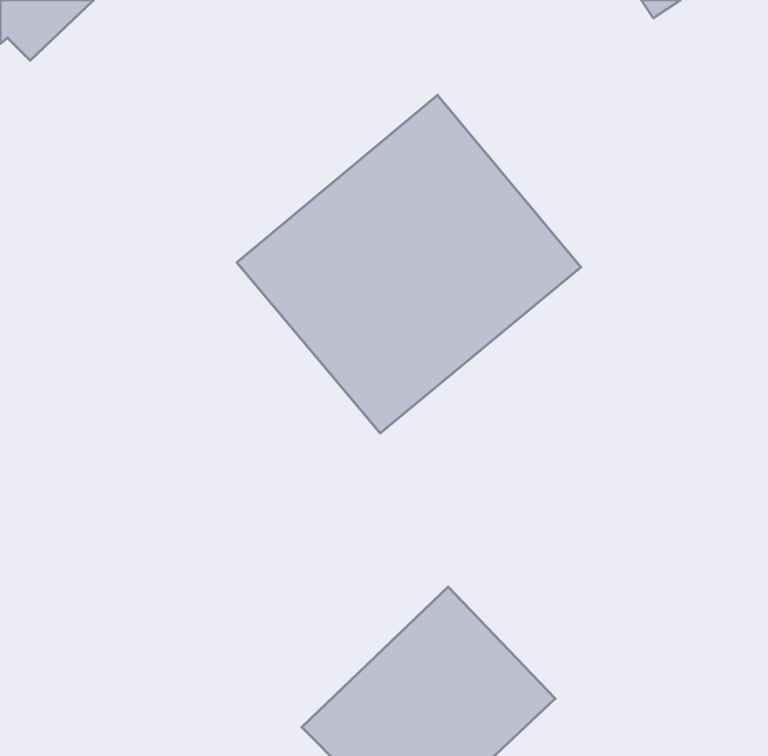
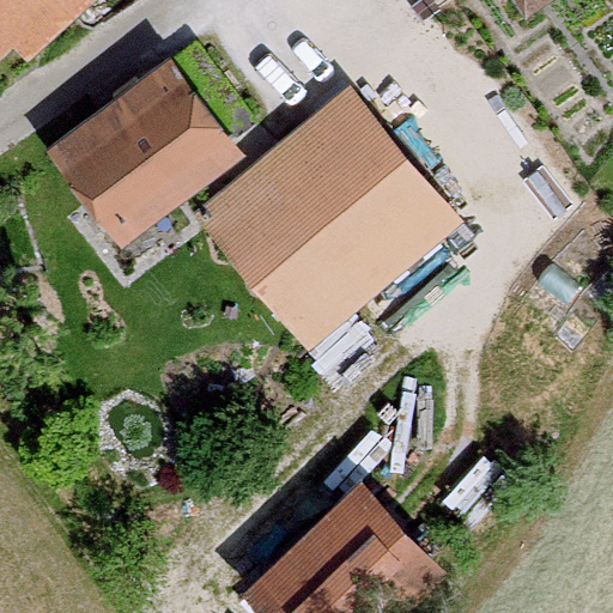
building: none -> [44,59,242,248]

